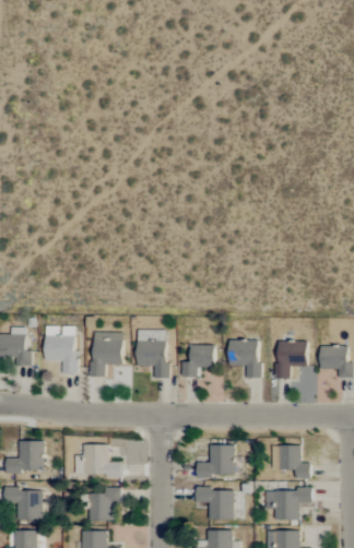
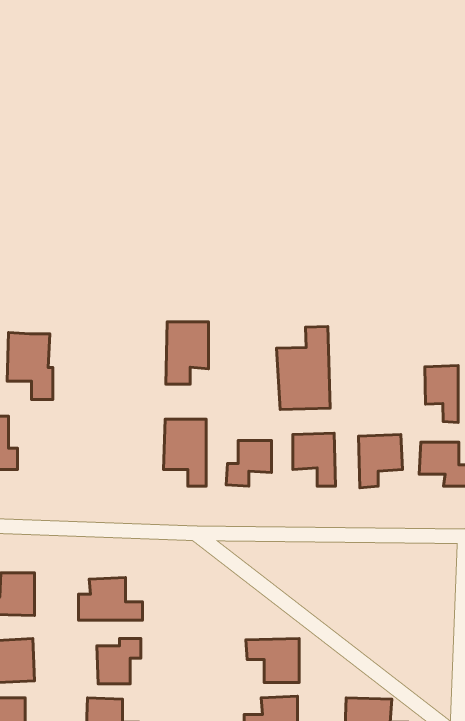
building: none -> [277,326,330,409]
building: none -> [425,365,458,423]
building: [45,326,78,374] -> [7,332,53,399]
building: [92,333,122,378] -> [166,322,208,384]
building: [197,444,235,476] -> none
building: [280,444,311,478] -> none
building: [266,489,312,520] -> none

